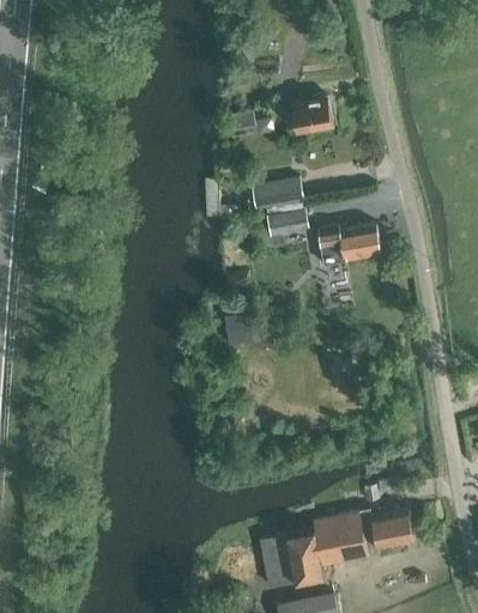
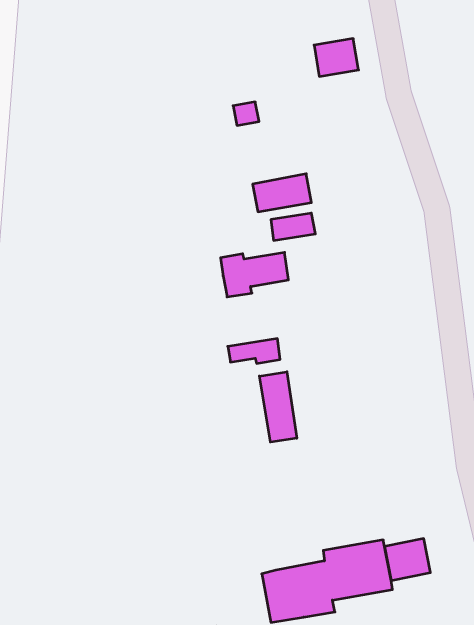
building: [291,97,332,132] -> [314,39,359,76]
building: [317,225,380,266] -> [221,252,288,297]
building: none -> [259,372,297,442]

